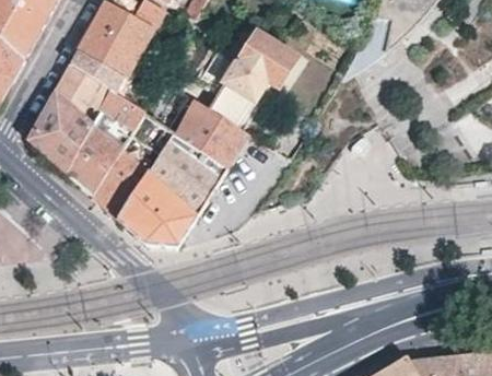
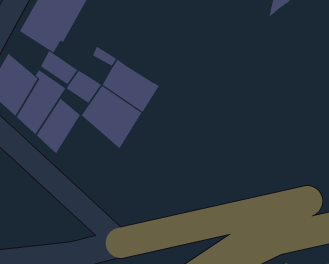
building: [207,30,300,128] -> none
building: [57,63,108,119] -> none
building: [118,169,198,245] -> none

